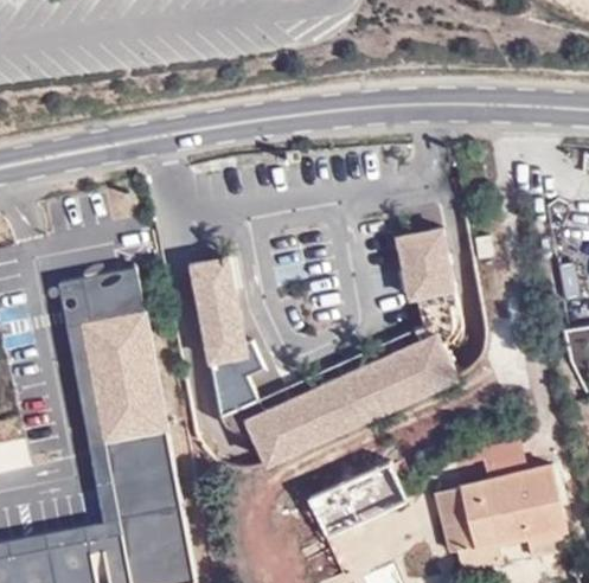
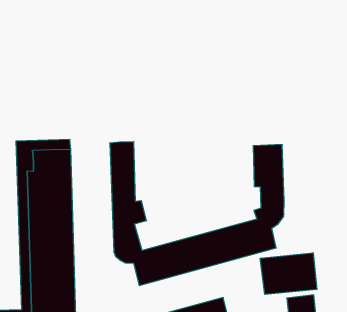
building: none -> [260,253,317,294]

